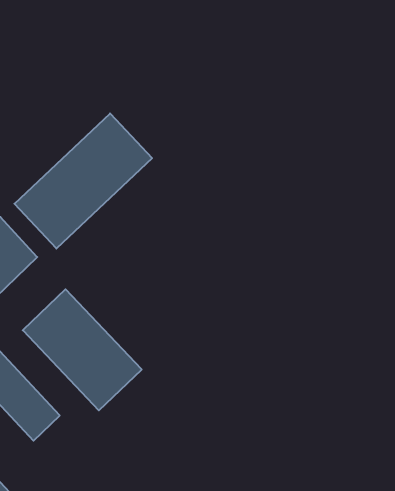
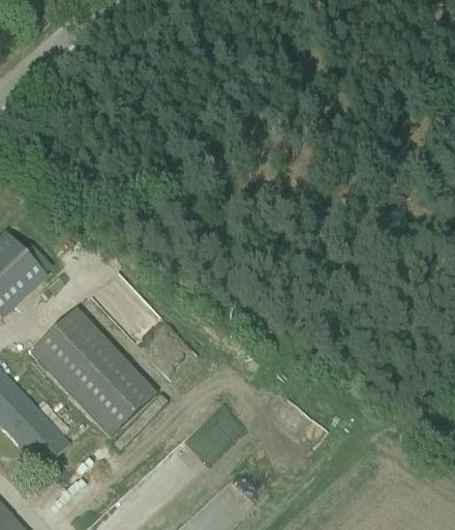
building: [14,113,152,249] -> none

